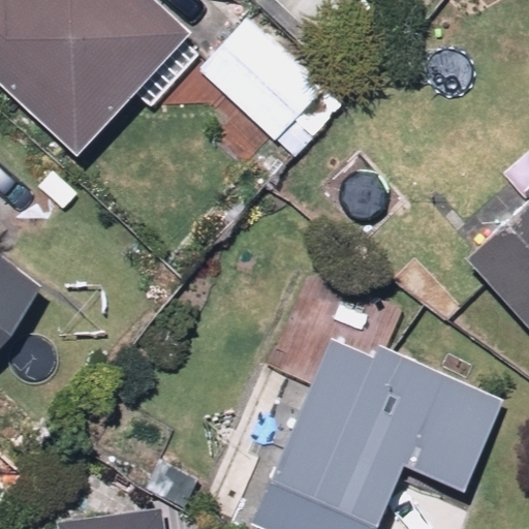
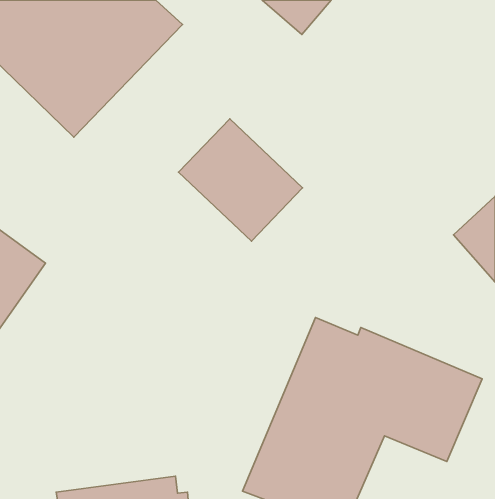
building: [193,19,323,147] -> [178,119,303,241]

